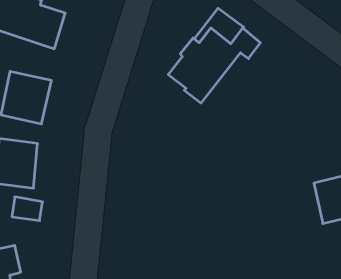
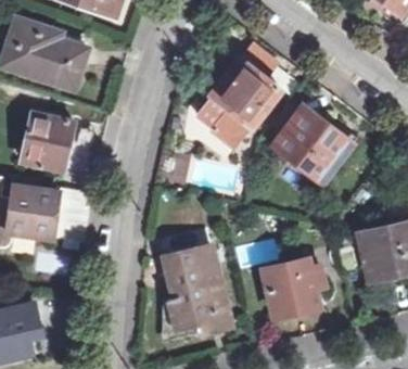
building: none -> [271,105,349,180]
building: none -> [161,246,227,331]
building: none -> [262,260,320,314]

